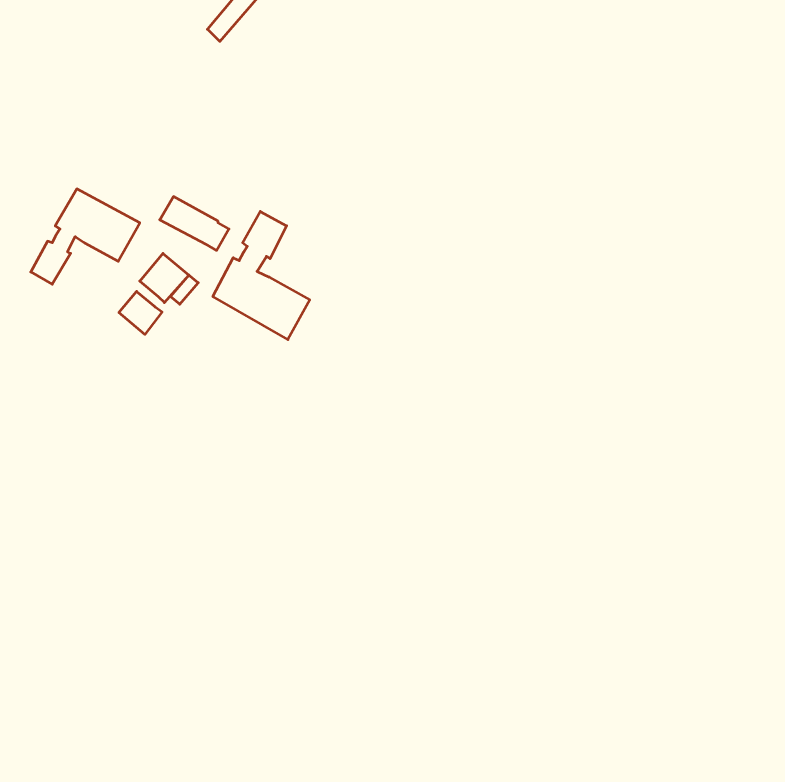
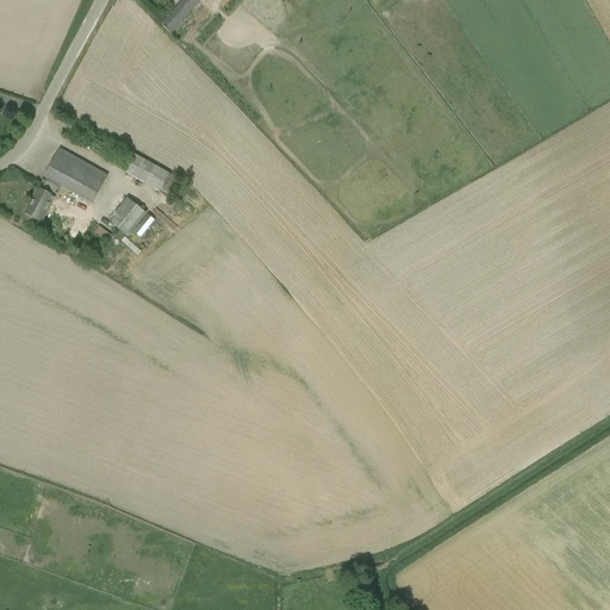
building: [213,211,310,340] -> none
building: [119,291,162,334] -> none

